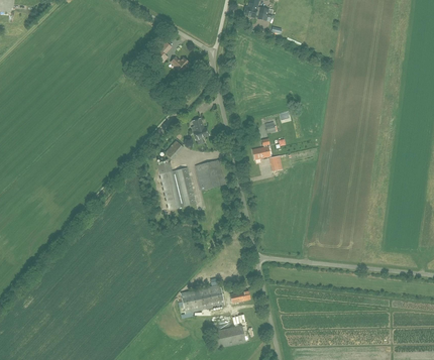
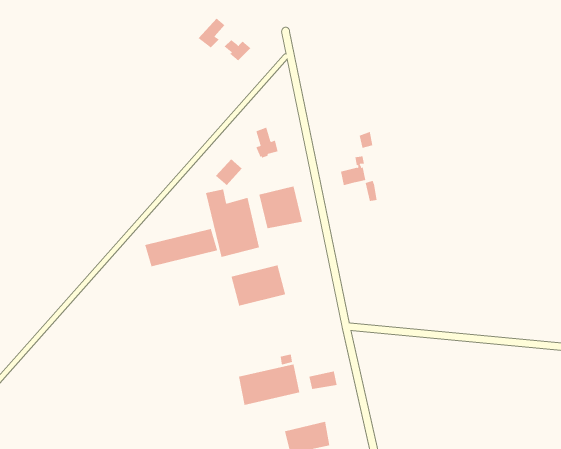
building: none -> [145,228,218,267]
building: none -> [231,265,286,306]

